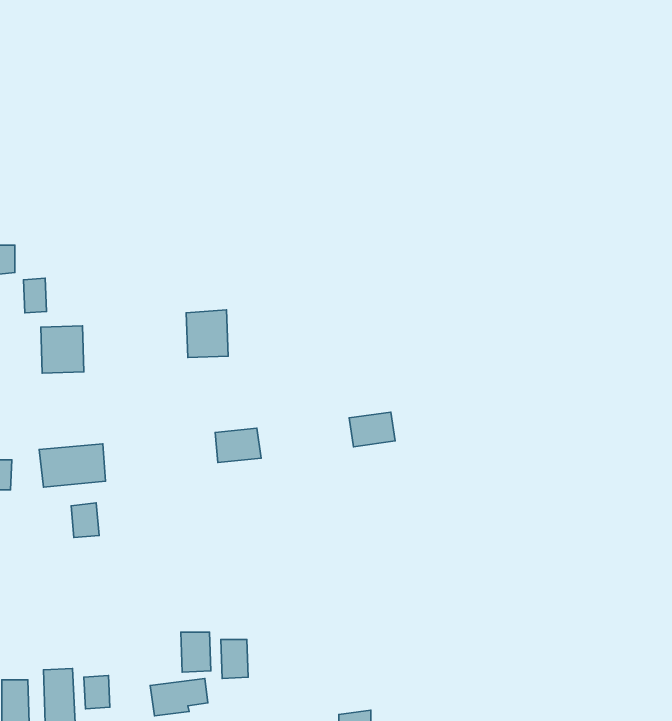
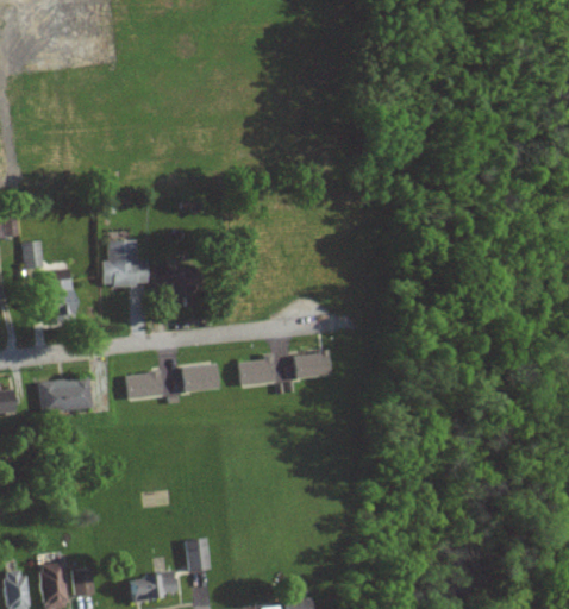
building: none -> [102,240,148,288]
building: none -> [237,352,276,387]
building: none -> [126,372,162,397]
building: [71,503,99,537] -> none
building: [181,632,211,672] -> none

